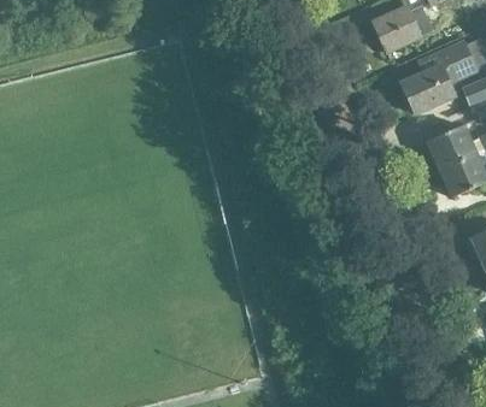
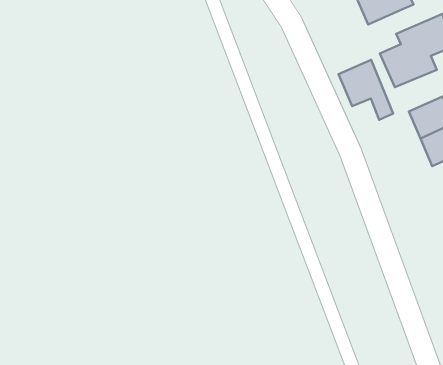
building: none -> [339,60,393,120]

